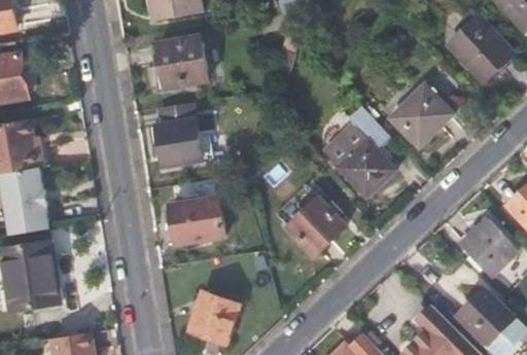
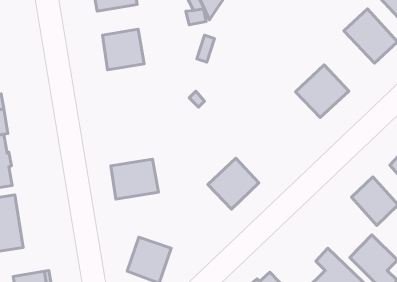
building: [154,106,203,168] -> none
building: [320,116,394,198] -> none

